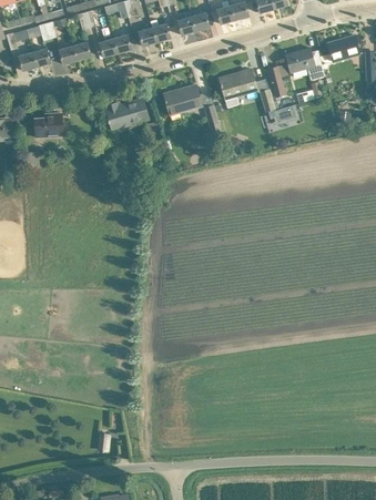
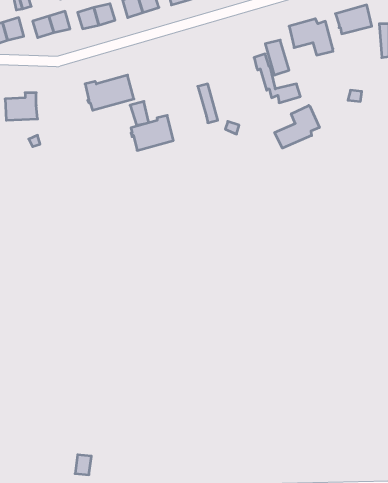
building: [219,69,256,108] -> none
building: [163,84,201,115] -> [131,115,173,150]
building: none -> [275,105,319,148]

